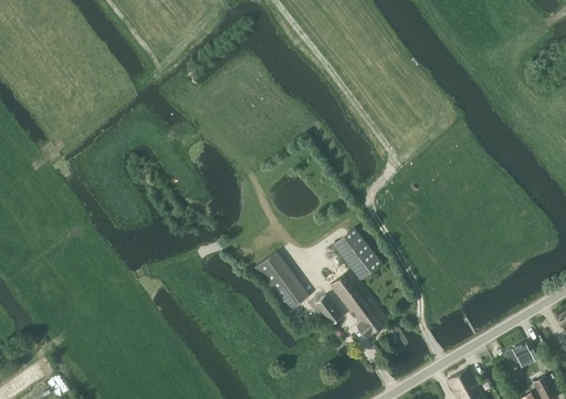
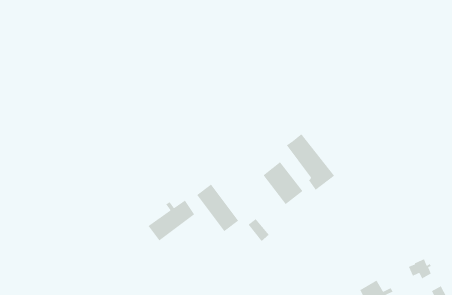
building: [331,270,389,338] -> [286,133,335,191]
building: none -> [147,200,195,242]

